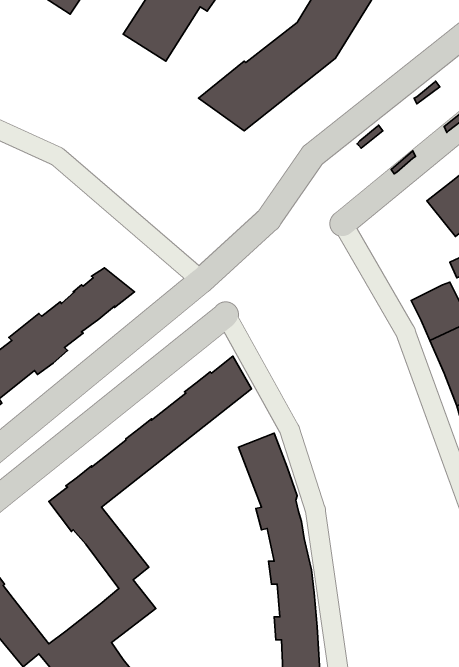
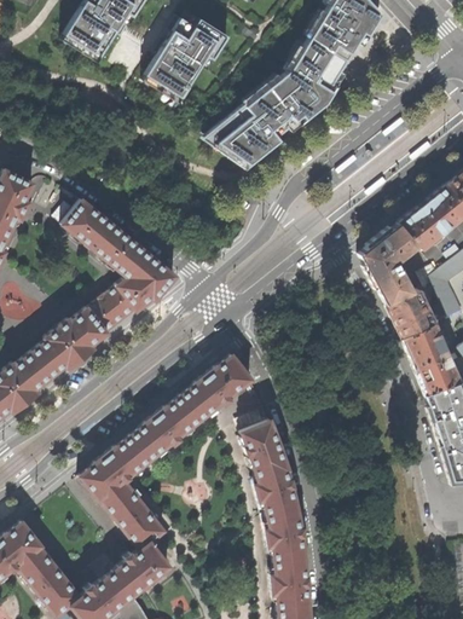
building: none -> [62,198,175,300]
building: none -> [360,220,418,305]

